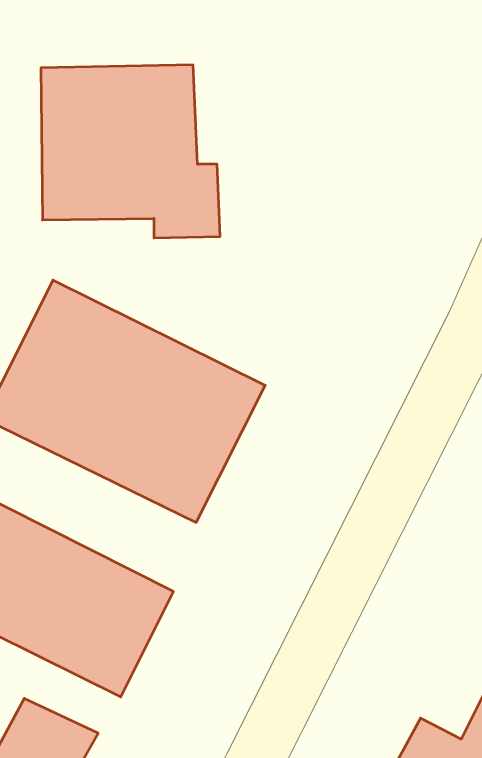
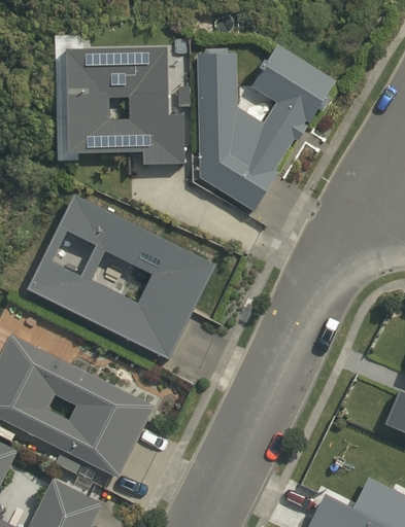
building: none -> [196,43,336,211]

